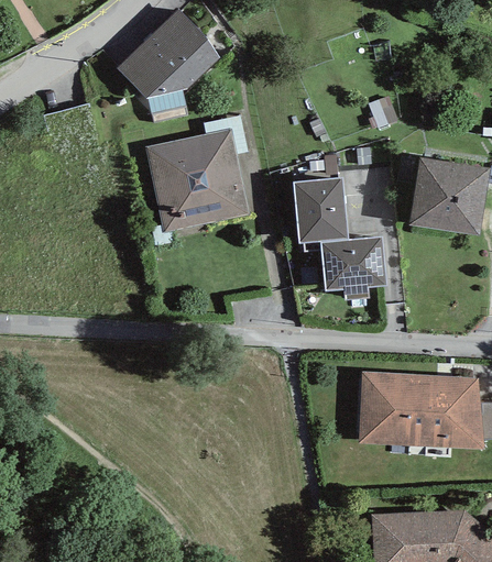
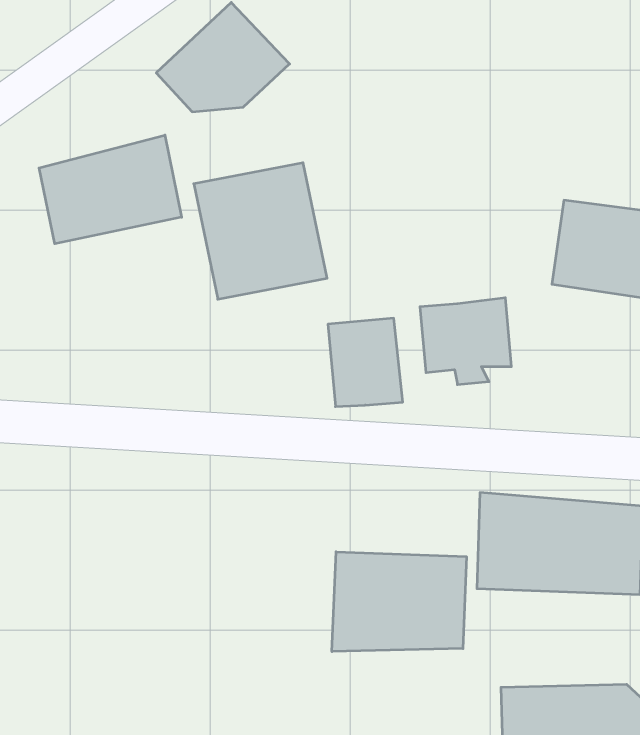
building: none -> [39,135,182,244]
building: [288,173,343,238] -> [328,318,403,407]
building: none -> [332,552,466,652]

